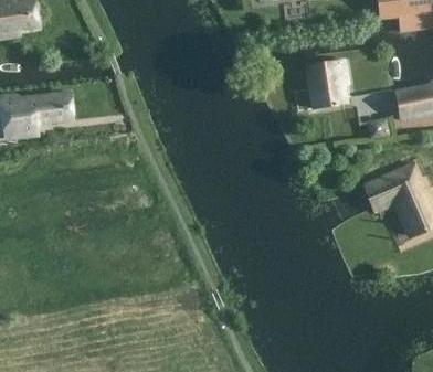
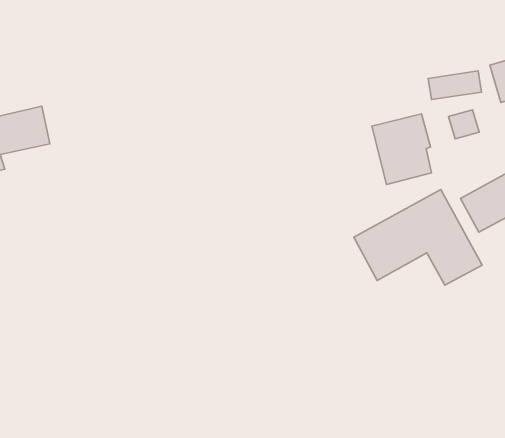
building: [304,57,345,106] -> [372,114,431,185]
building: none -> [354,189,482,285]

